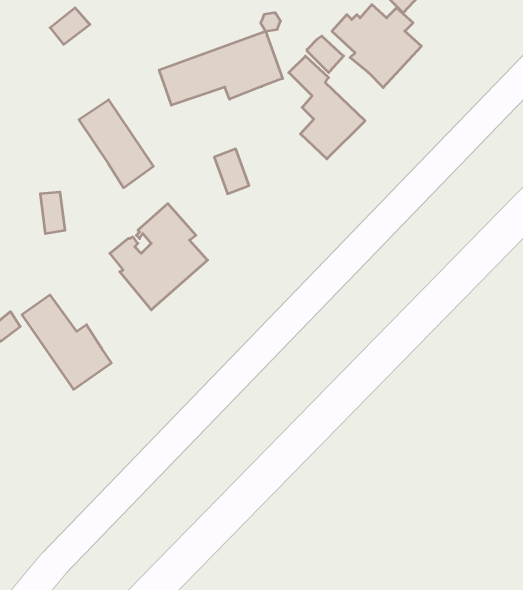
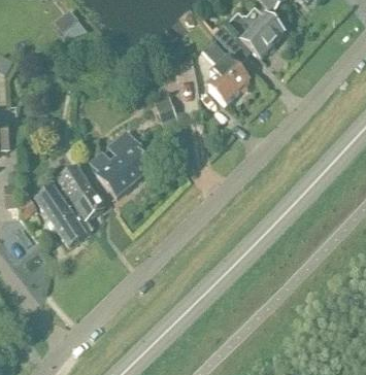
building: [159,31,283,105] -> none
building: [79,100,153,188] -> [57,166,103,220]

